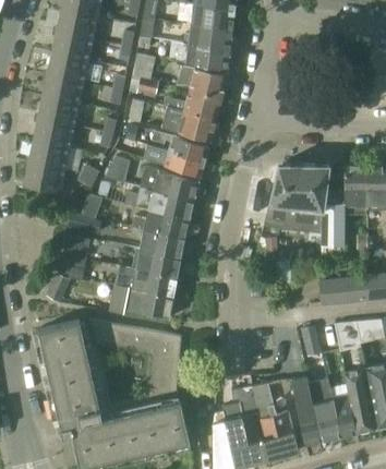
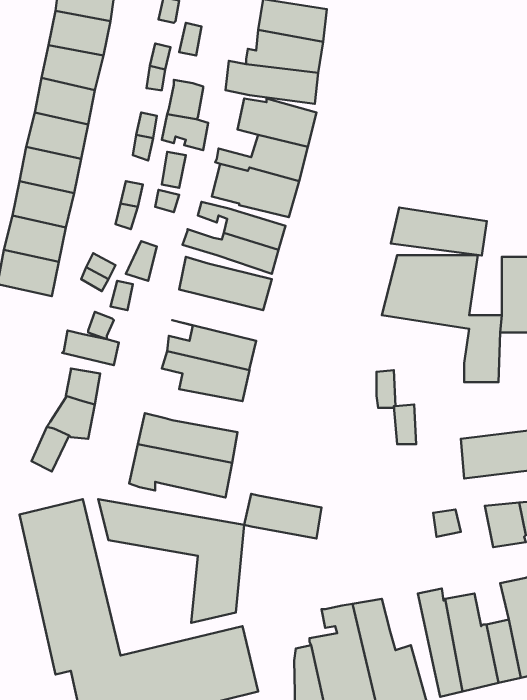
building: [123,187,193,219] -> none
building: [263,203,324,233] -> [391,207,487,256]
building: [131,249,180,277] -> [244,494,322,539]

